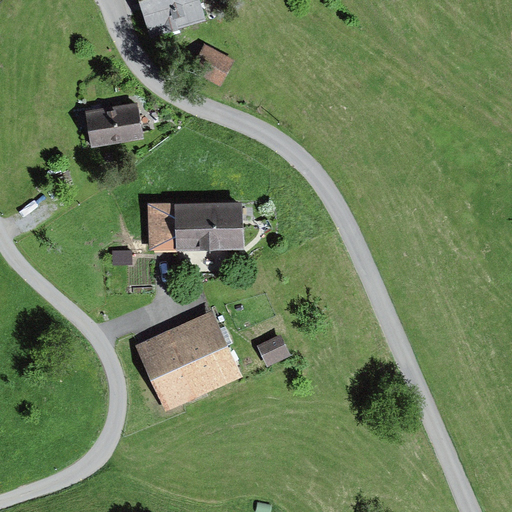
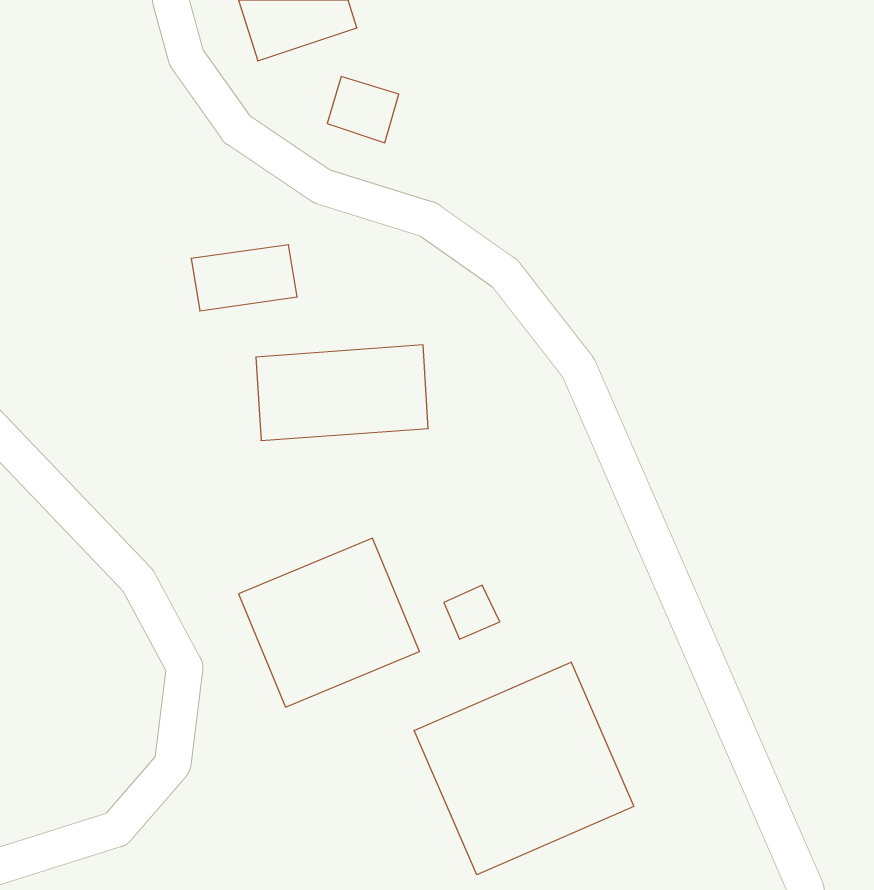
building: [76,106,137,144] -> [191,245,297,311]
building: none -> [414,662,634,875]

